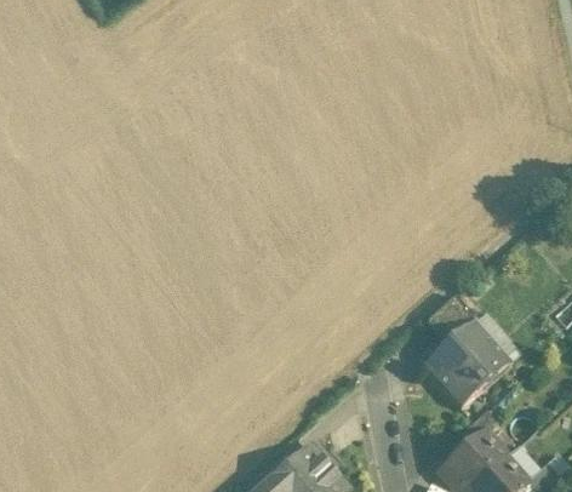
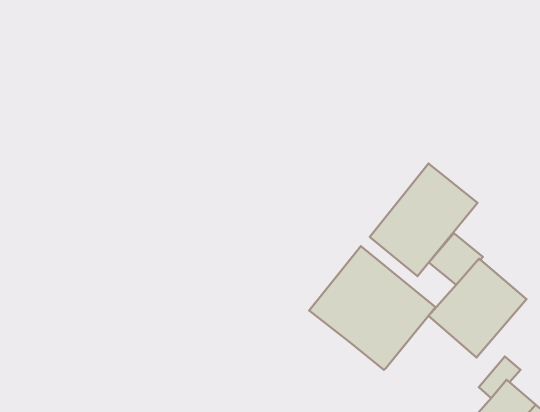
building: none -> [370,163,478,276]
building: none -> [309,246,436,370]

